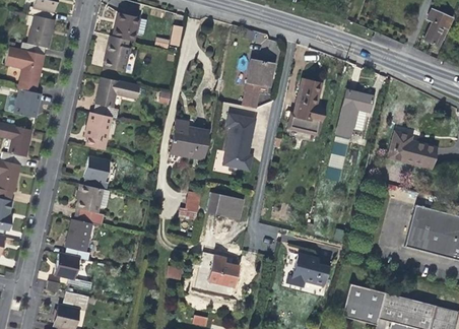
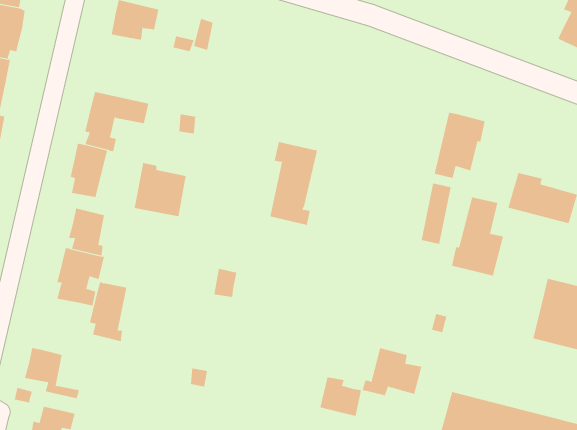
building: [103,36,129,71] -> none
building: [243,60,272,108] -> none
building: [287,80,324,135] -> [451,197,504,276]
building: [170,121,206,158] -> [134,162,187,217]
building: [207,191,244,218] -> none
building: [65,218,91,260] -> [89,282,127,342]
building: [209,260,239,287] -> [319,377,362,416]

